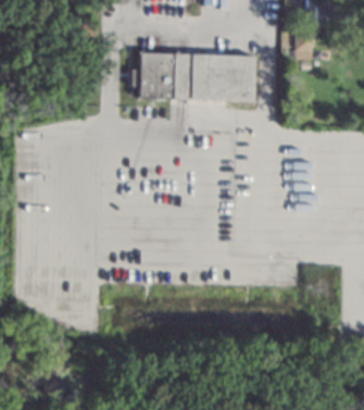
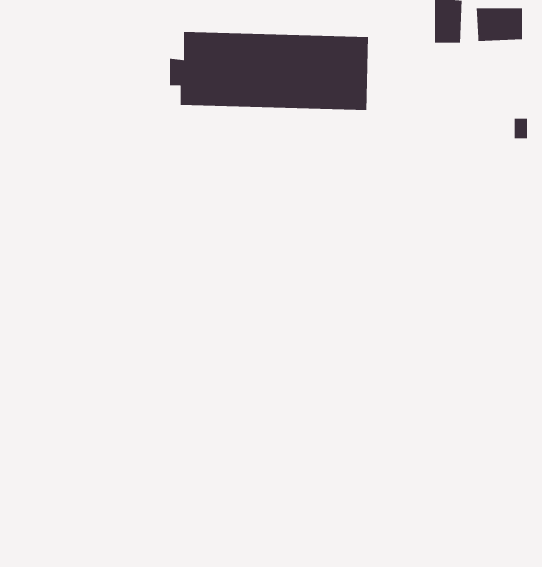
building: none -> [476,7,523,42]

